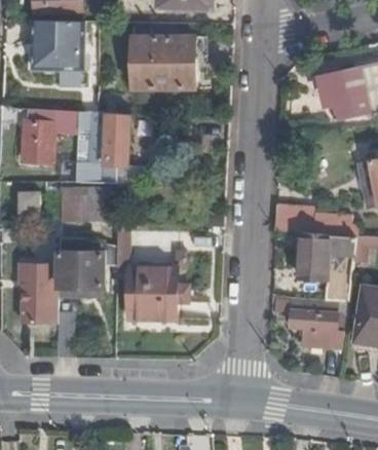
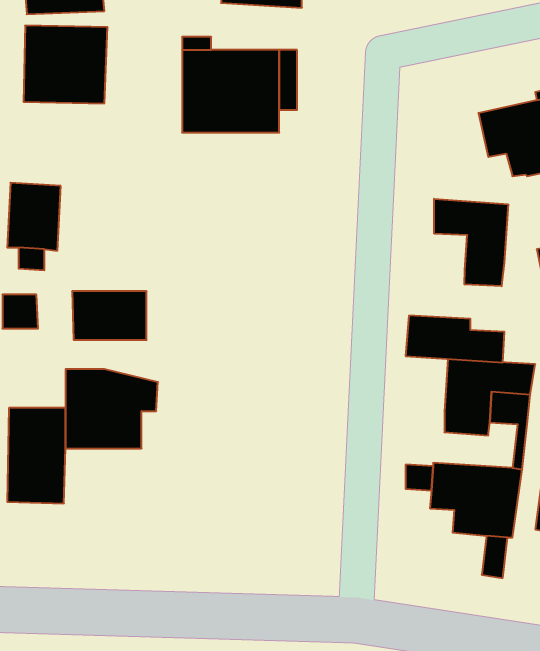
building: [75,111,129,183] -> none
building: none -> [434,199,508,286]
building: [127,266,177,320] -> none

